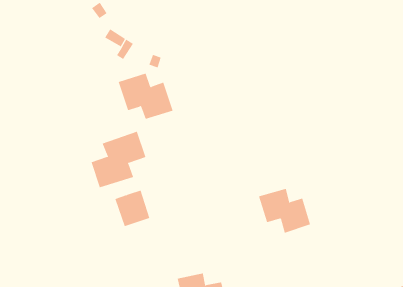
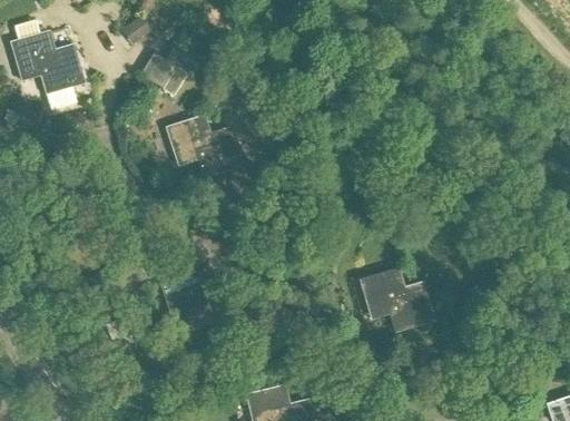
building: none -> [9,18,85,107]
building: [91,131,146,188] -> none

